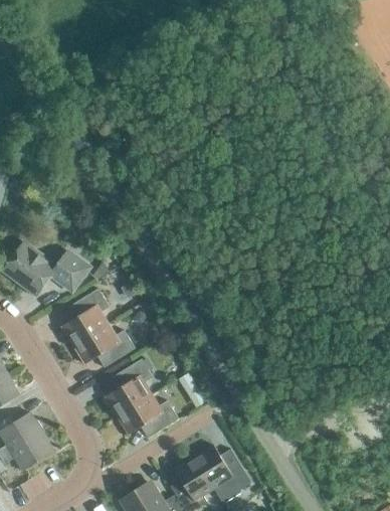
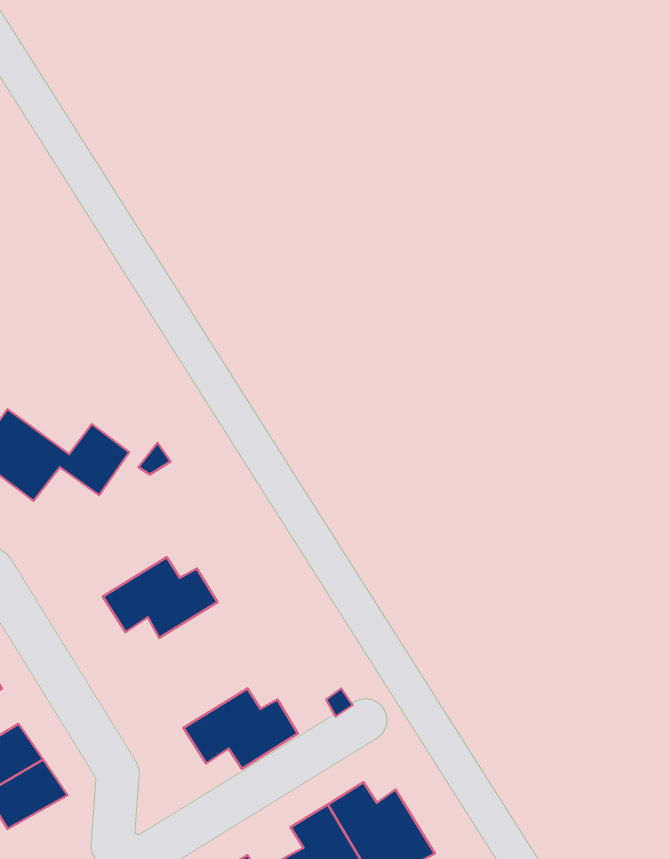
building: [61,289,110,345] -> none
building: [105,359,153,415] -> none

